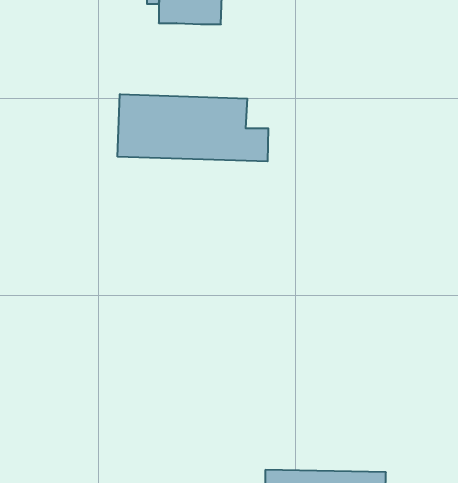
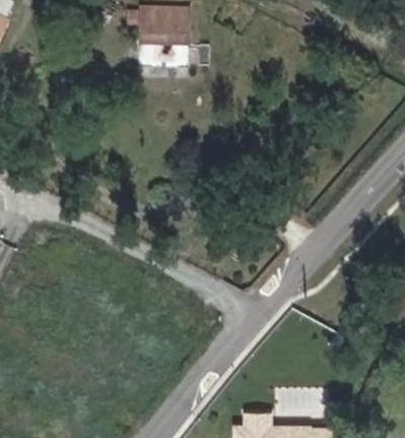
building: [118,94,268,161] -> none

